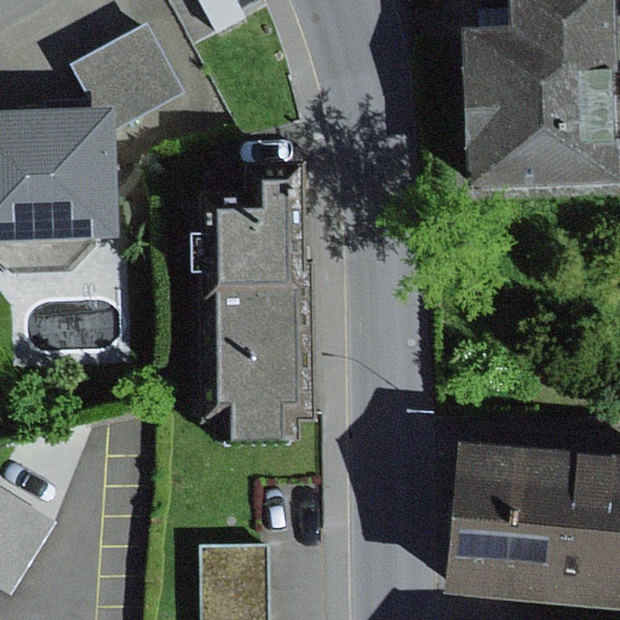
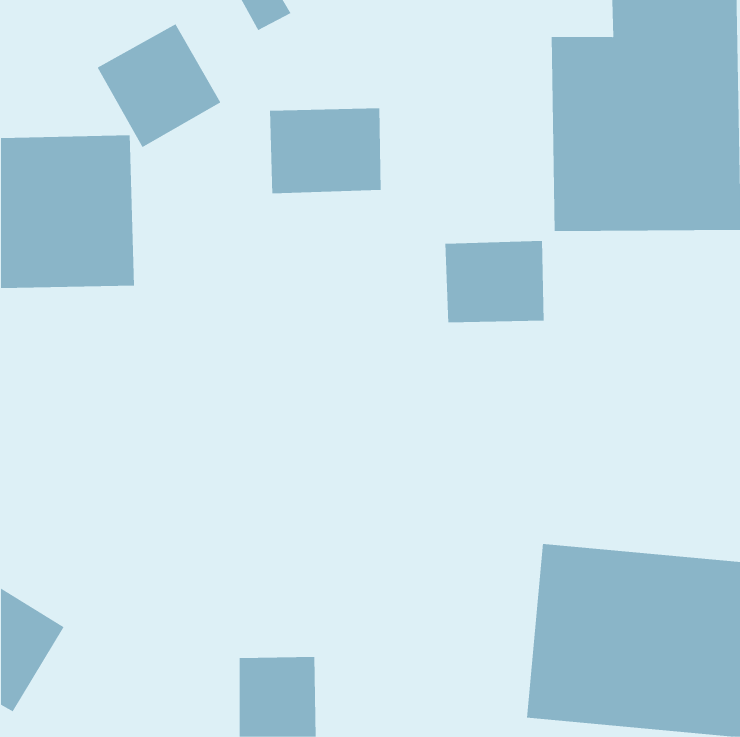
building: none -> [269,108,381,194]
building: [208,184,294,443] -> none
building: none -> [445,240,544,323]

